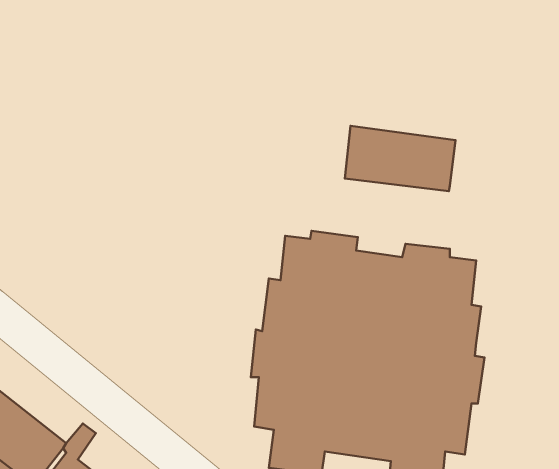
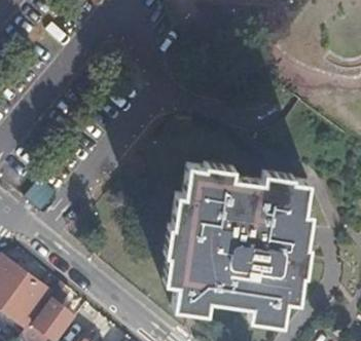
building: [345,126,456,191] -> none

